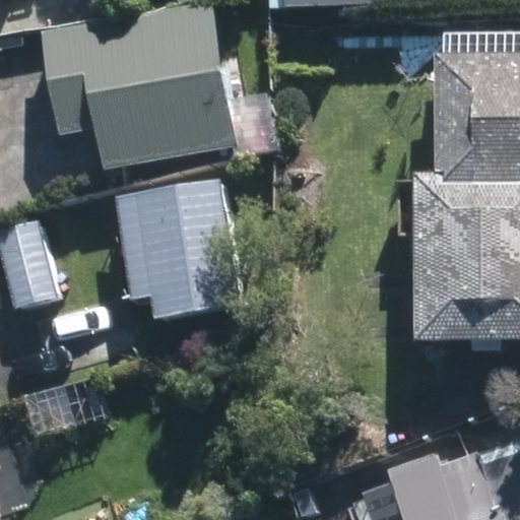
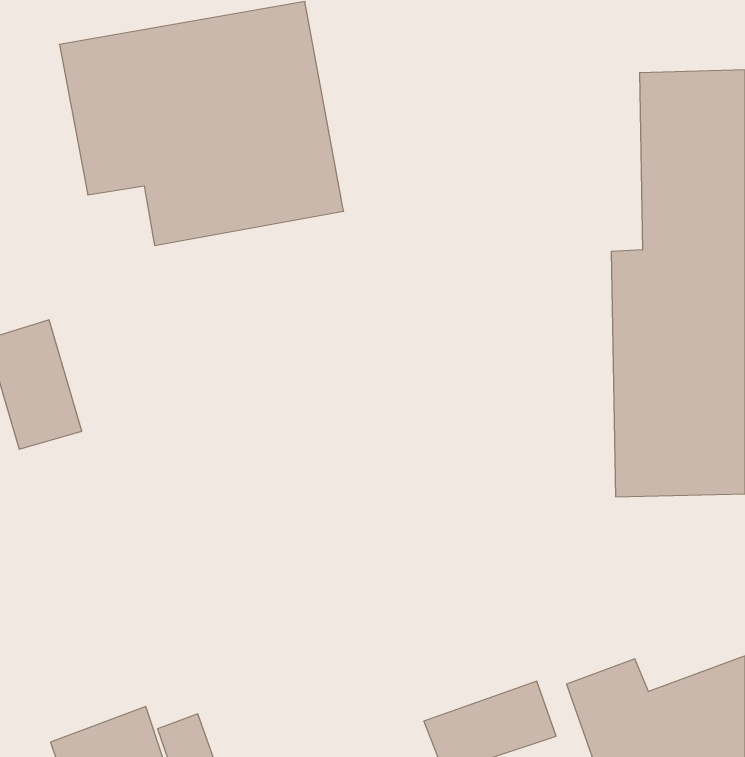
building: [117,179,240,319] -> none

